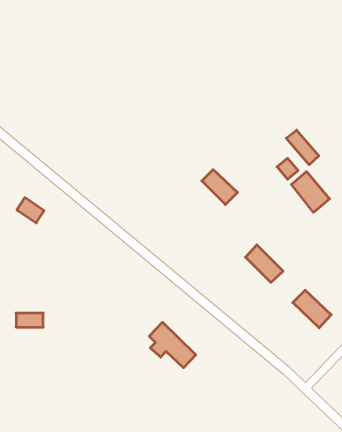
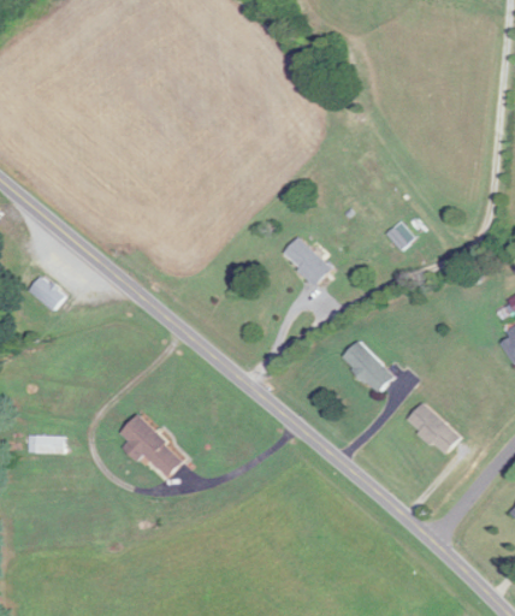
building: [286,130,319,165] -> none
building: [291,172,330,212] -> none
building: [149,322,196,368] -> [119,414,183,476]

